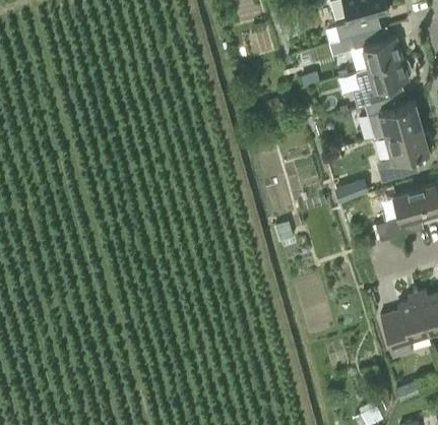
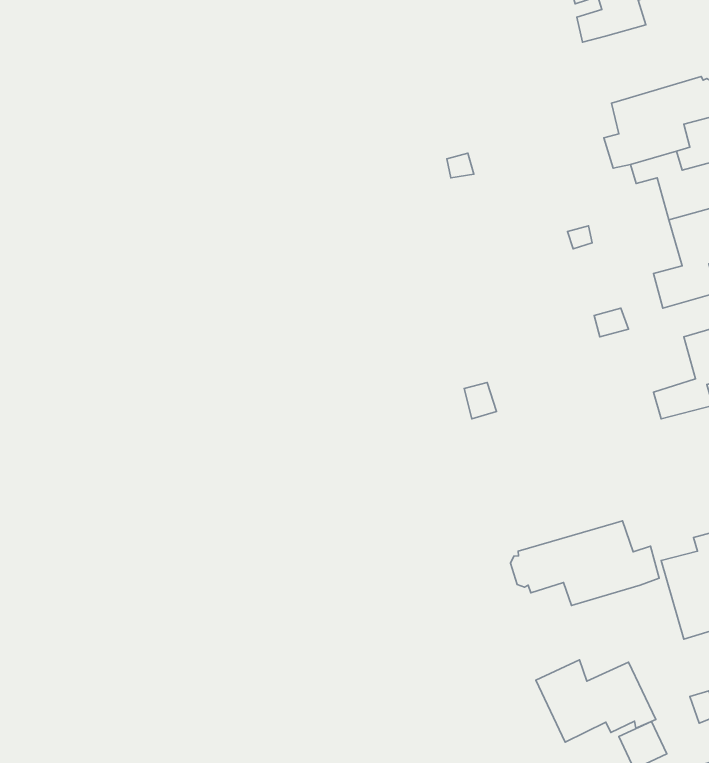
building: [349,29,402,72] -> none
building: none -> [510,521,659,606]
building: none -> [536,660,656,742]

